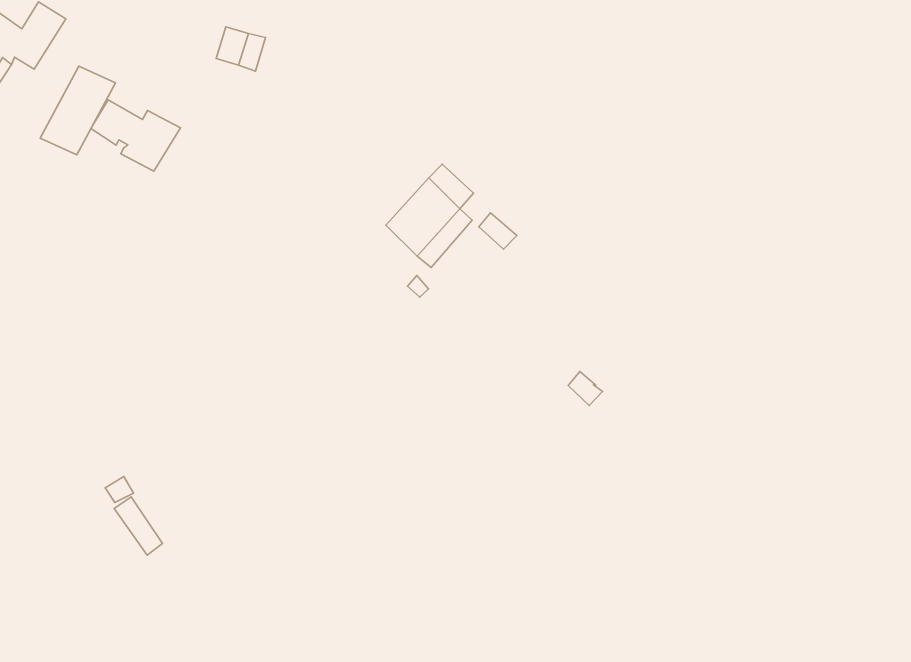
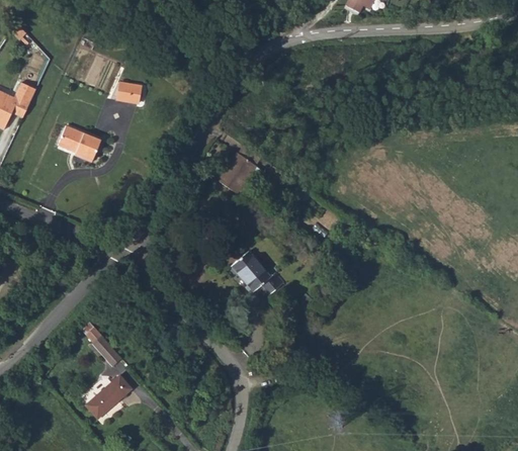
building: [40,66,116,155] -> none
building: none -> [231,251,283,294]
building: none -> [83,373,130,417]

